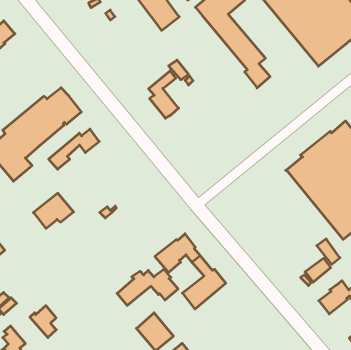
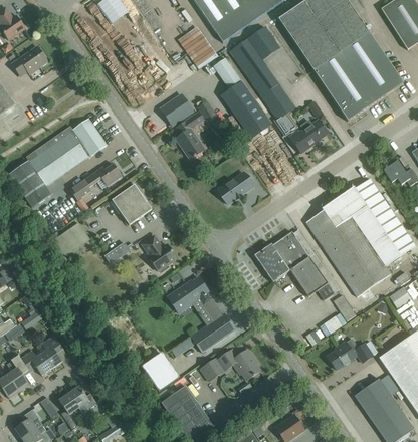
building: none -> [213,57,271,139]
building: none -> [161,93,193,125]
building: none -> [289,120,328,153]
building: none -> [219,172,252,204]
building: none -> [112,184,152,224]
building: none -> [254,229,340,299]
building: none -> [143,236,177,272]
building: [117,269,178,305] -> [199,349,260,382]
building: none -> [20,351,51,375]

